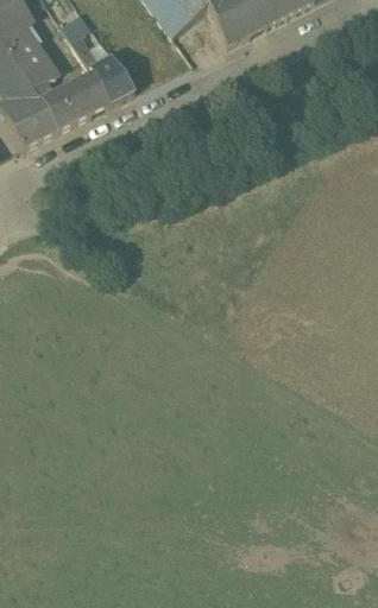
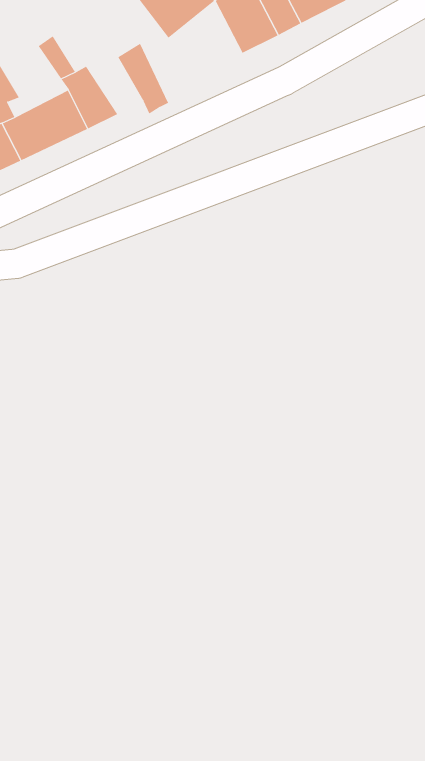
building: none -> [118,43,169,114]

